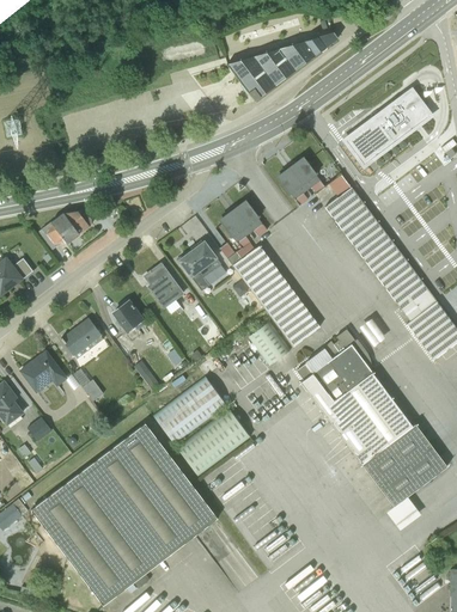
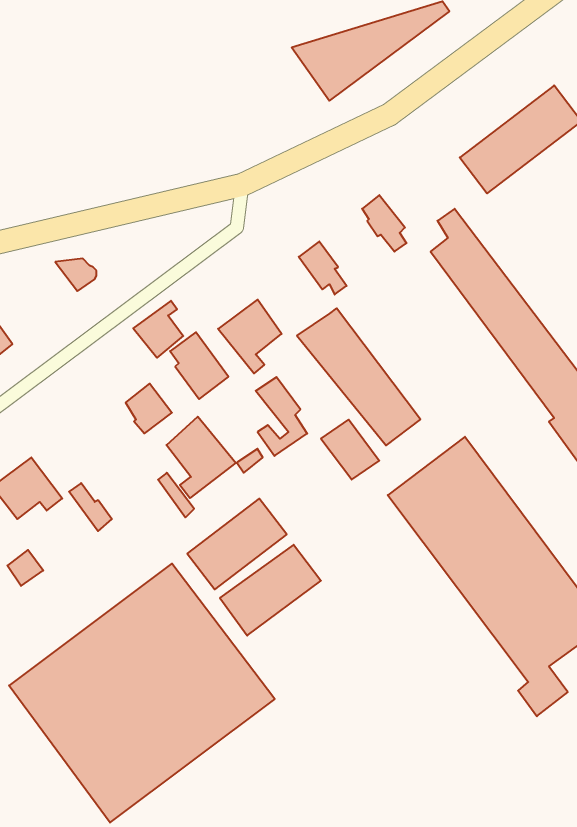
building: [288,155,323,192] -> none
building: [218,209,254,264] -> [256,377,307,456]
building: [36,213,78,250] -> none
building: none -> [133,301,183,358]
building: [61,317,102,357] -> none
building: none -> [166,417,236,498]

